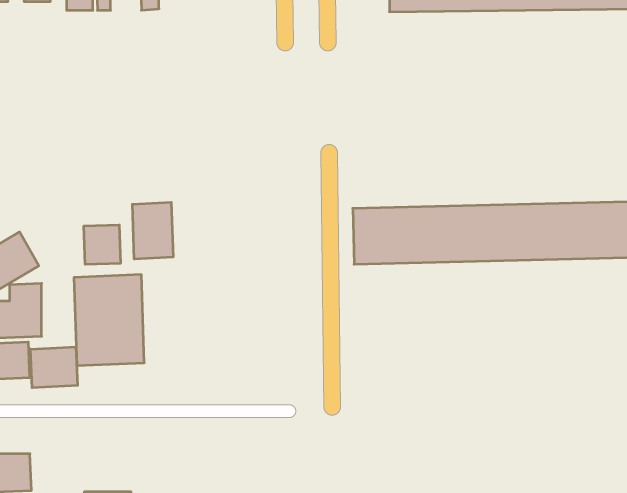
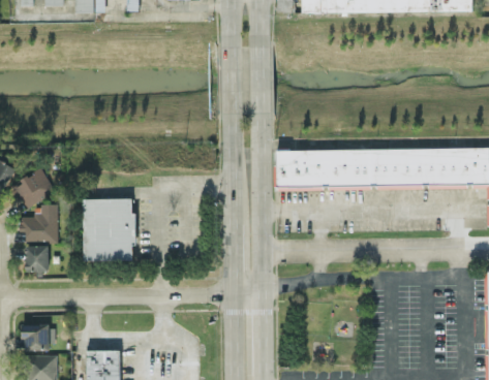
building: [132,202,173,259] -> none
building: [84,225,120,264] -> none
building: [30,347,78,388] -> none

